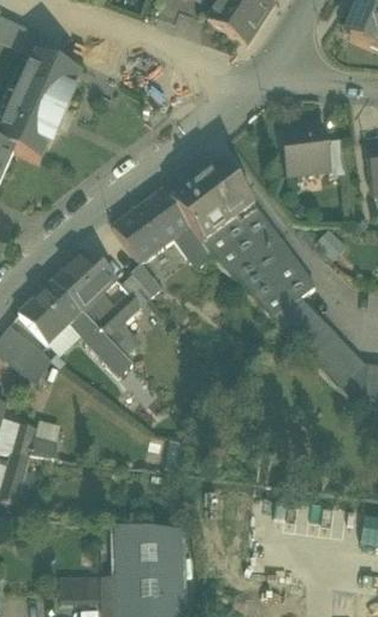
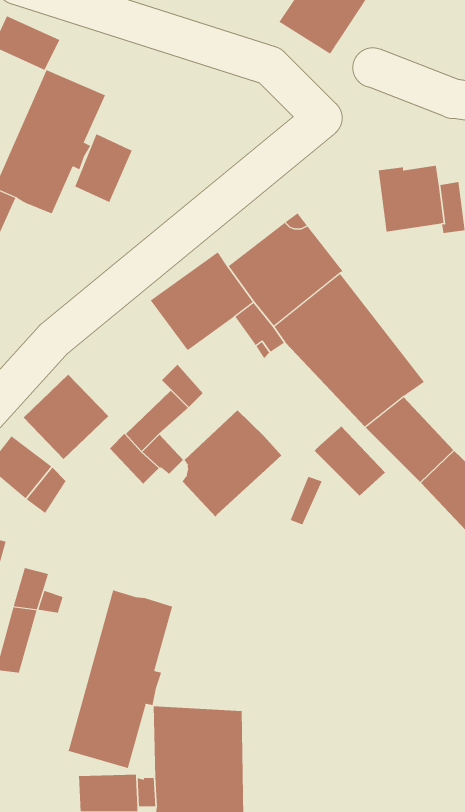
building: none -> [75,133,132,203]
building: [52,247,117,317] -> none
building: none -> [182,409,282,518]
building: none -> [314,426,386,496]
building: none -> [67,590,173,769]

